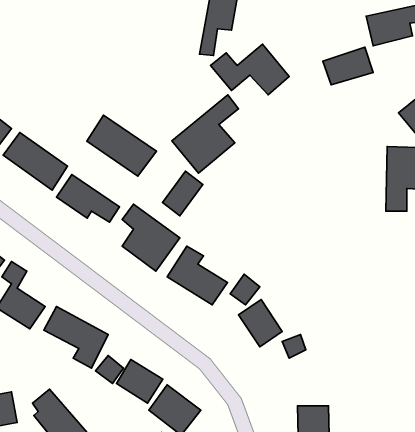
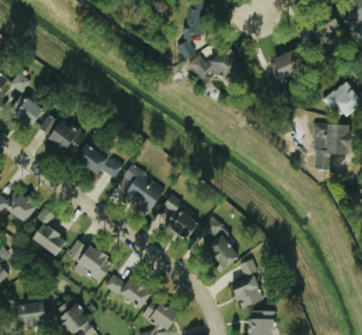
building: [172,95,239,173] -> none
building: [87,115,157,176] -> none
building: [163,171,203,216] -> none
building: none -> [232,275,264,309]

